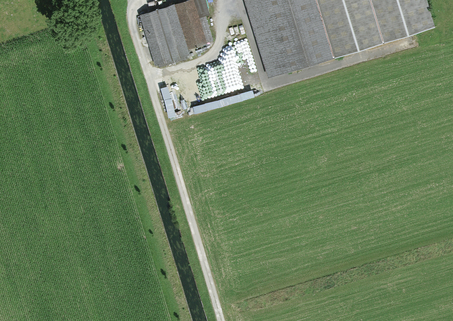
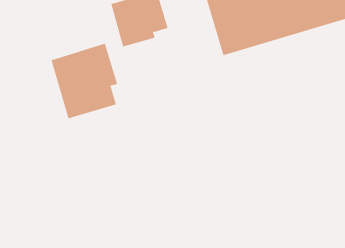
building: none -> [51,43,118,119]

